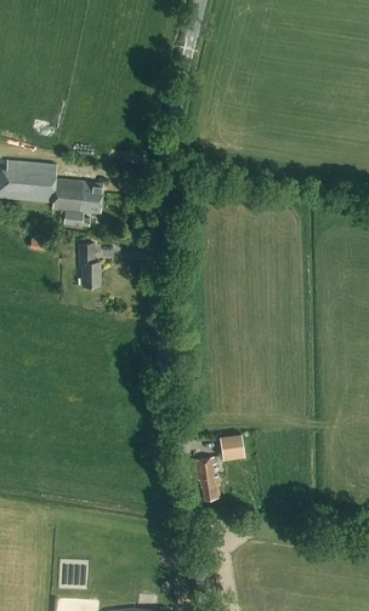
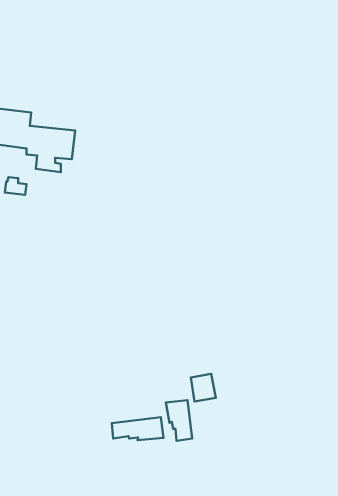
building: [79,242,100,286] -> none
building: none -> [112,417,164,440]

